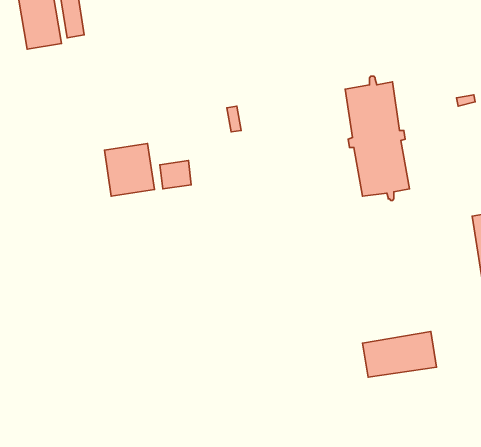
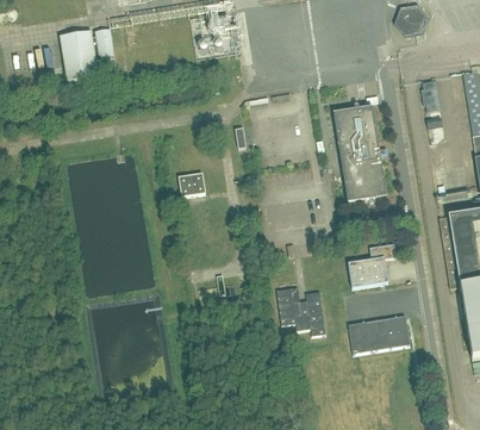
building: [104,144,154,196] -> none
building: none -> [348,243,395,287]
building: none -> [276,286,325,335]

